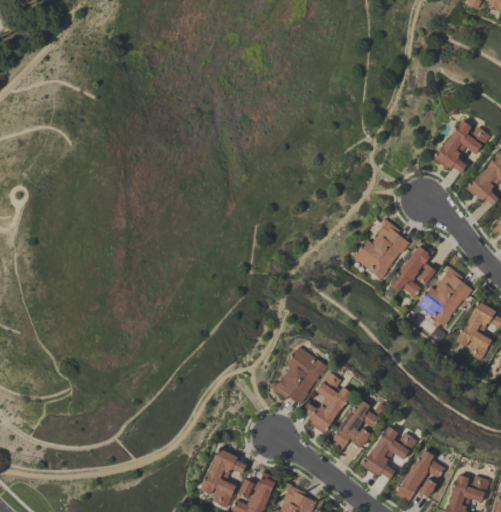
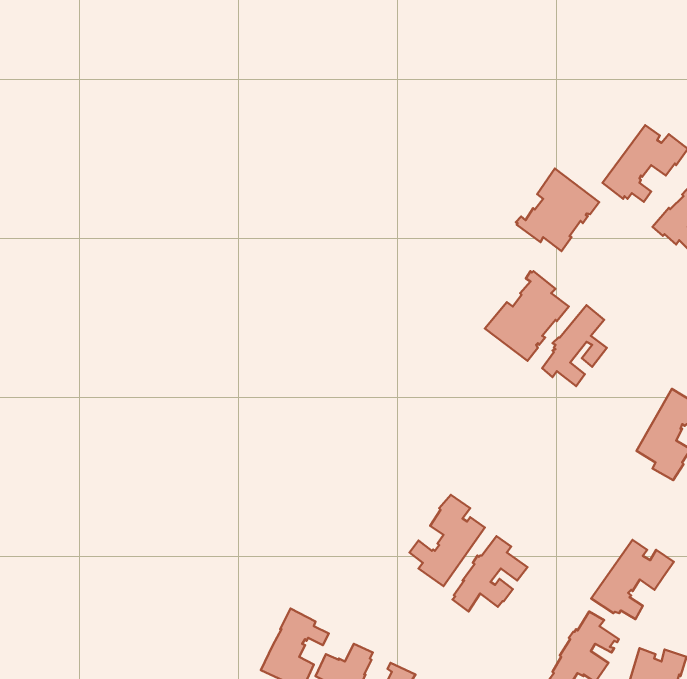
building: none -> [516,168,599,251]
building: [416,266,473,328] -> none
building: [272,347,328,404] -> none
building: [361,426,417,480] -> [591,540,674,619]

